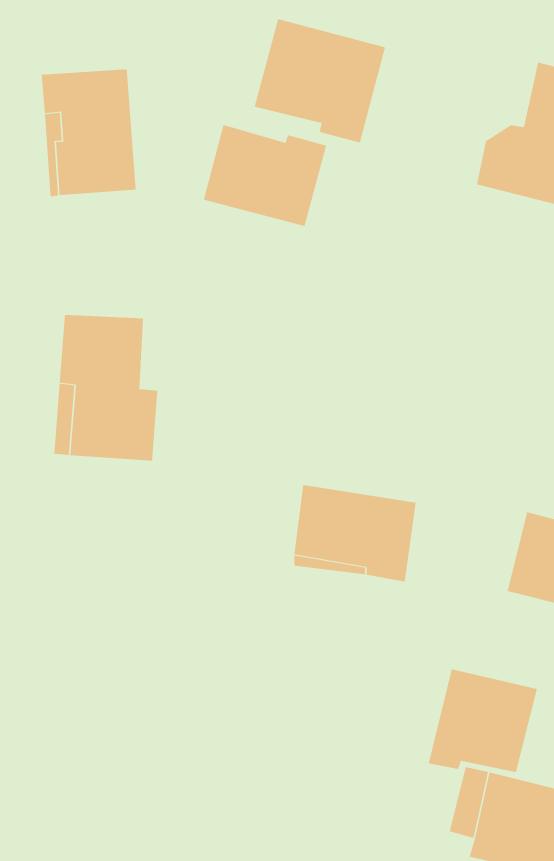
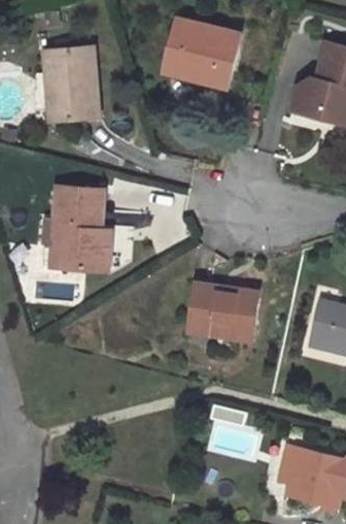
building: [203,124,327,227] -> none
building: [428,669,537,773] -> none

